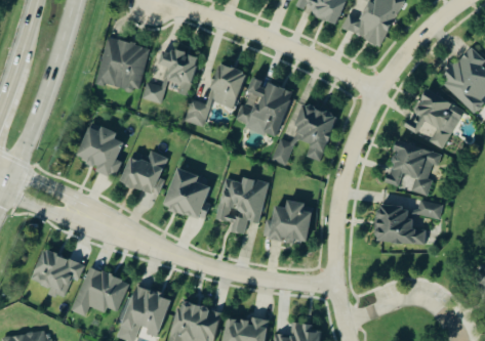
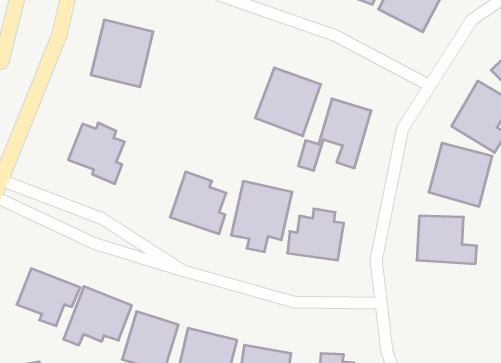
building: [142,47,198,104] -> none
building: [185,63,245,127] -> none
building: [120,153,168,195] -> none

